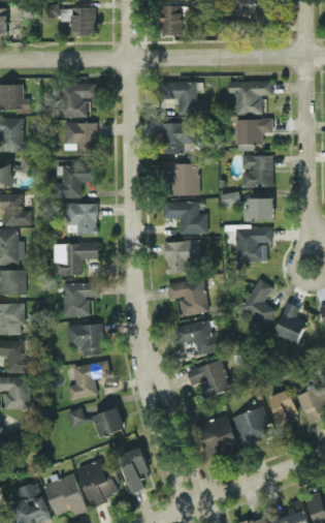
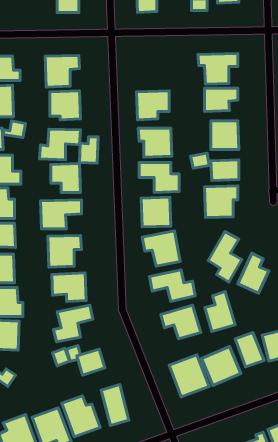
building: [161,82,205,115] -> none
building: none -> [80,137,98,163]
building: none -> [205,291,235,332]

